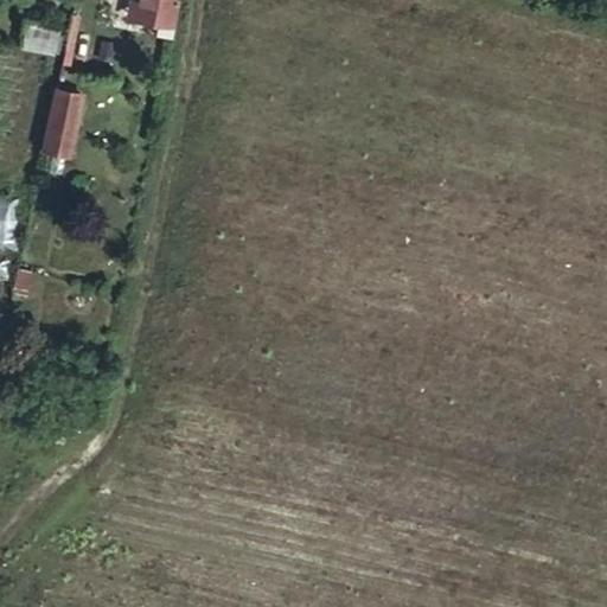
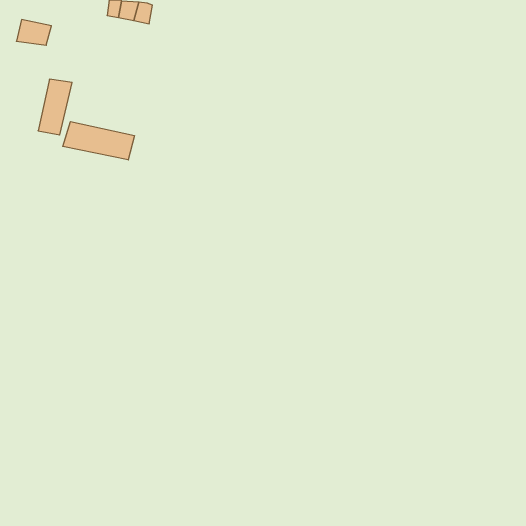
building: none -> [63,122,134,160]

